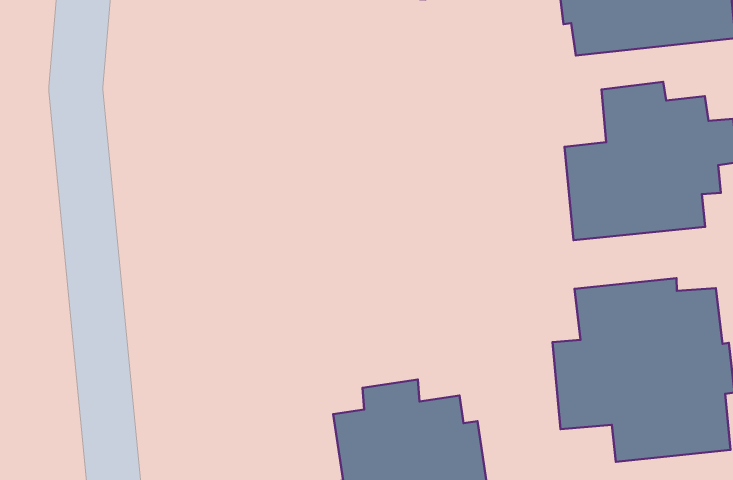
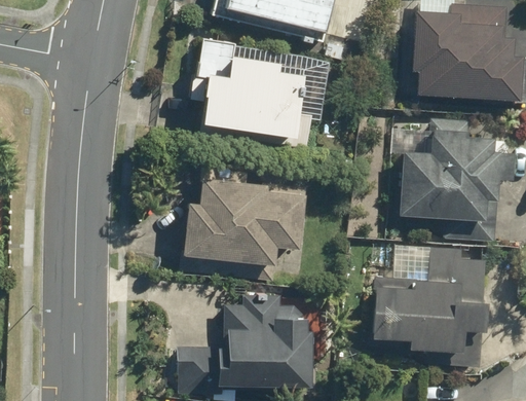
building: none -> [208,53,305,135]
building: none -> [186,176,309,266]

